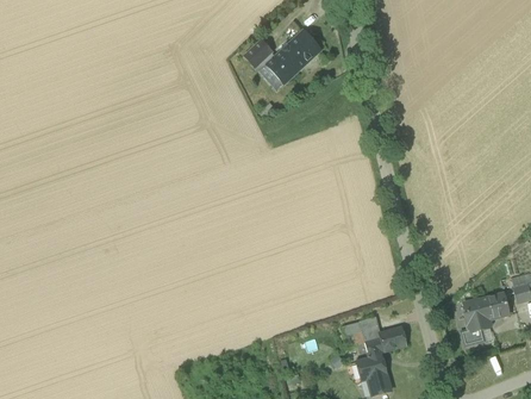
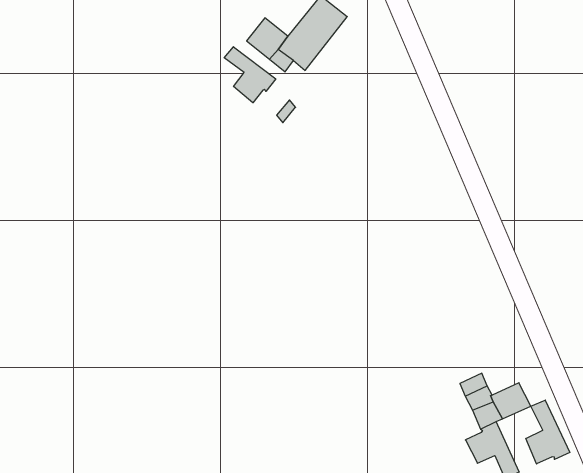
building: none -> [224,47,276,103]
building: none -> [526,400,570,464]

